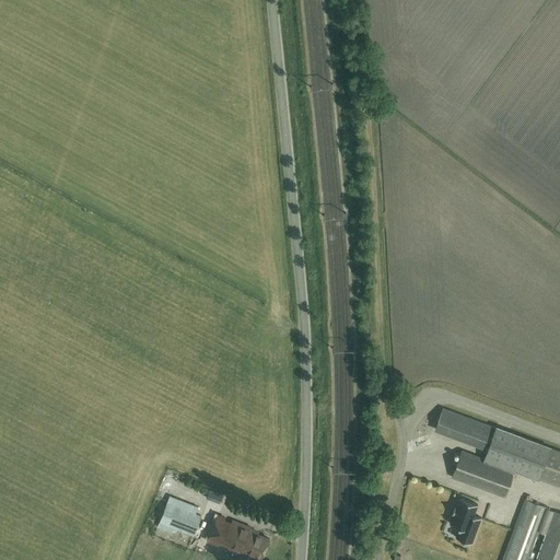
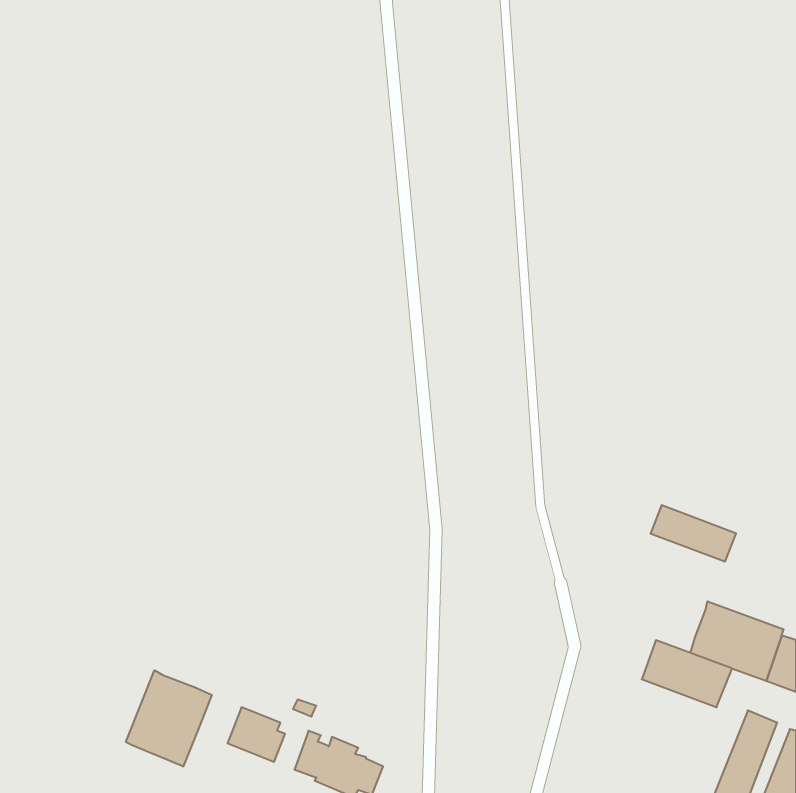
building: [435,410,495,450] -> [650,505,736,561]
building: none -> [126,670,212,767]
building: [450,500,481,545] -> none

